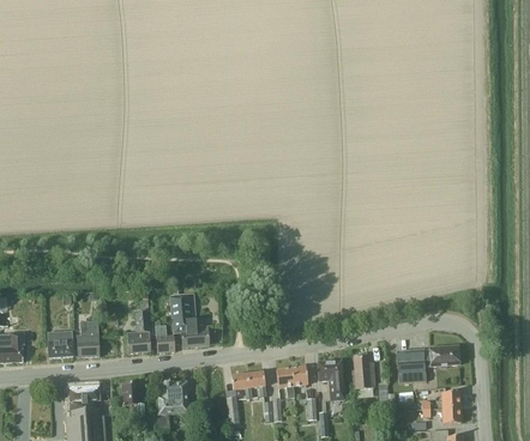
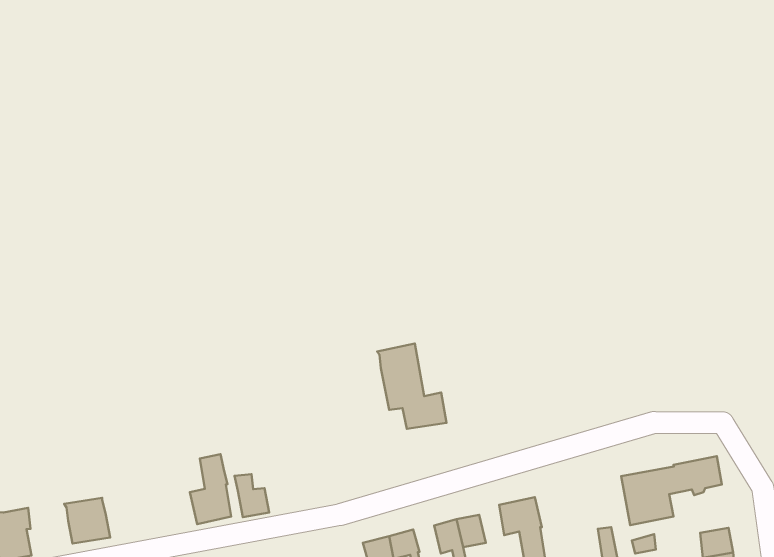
building: [169,292,207,345] -> [377,343,446,429]
building: [76,320,98,356] -> none
building: [351,354,374,388] -> none

